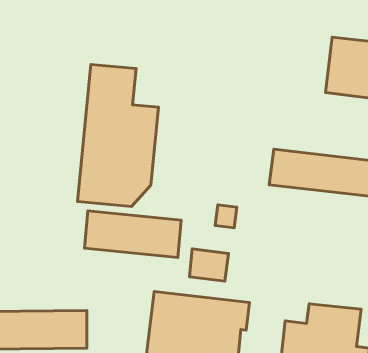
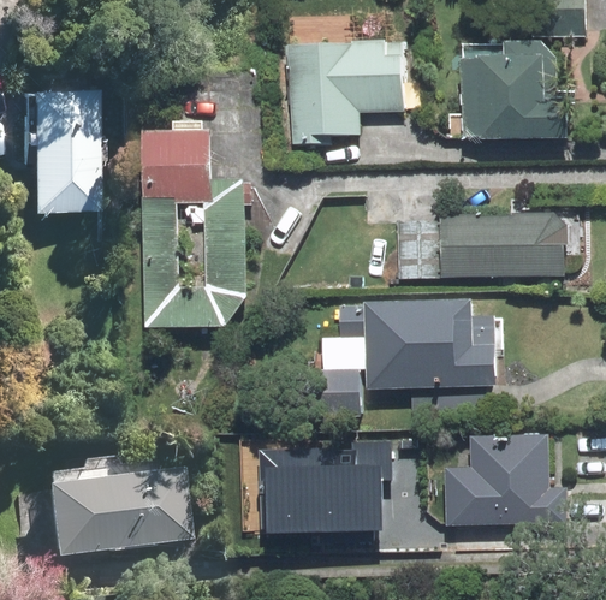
building: none -> [293,40,410,135]
building: none -> [24,89,87,206]
building: none -> [370,307,501,380]
building: [85,211,181,257] -> none

